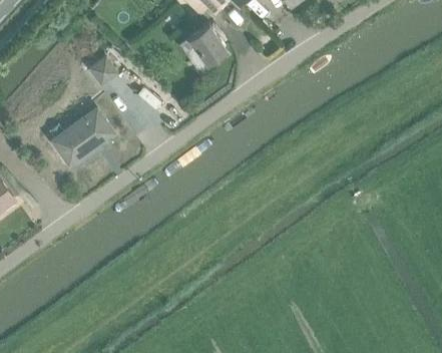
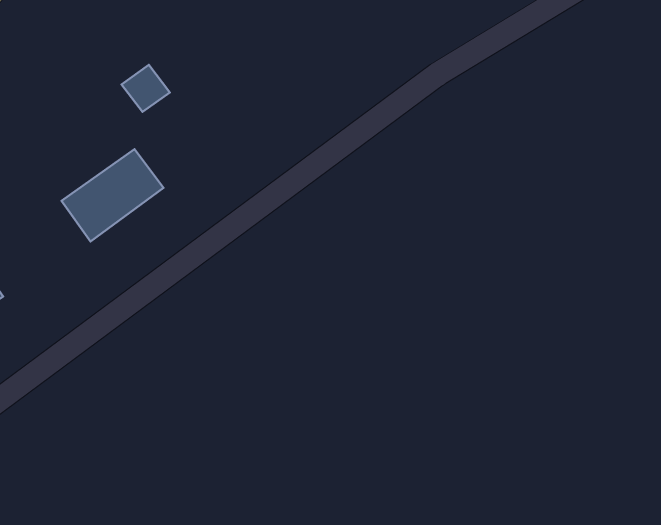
building: [186,23,227,64] -> none

